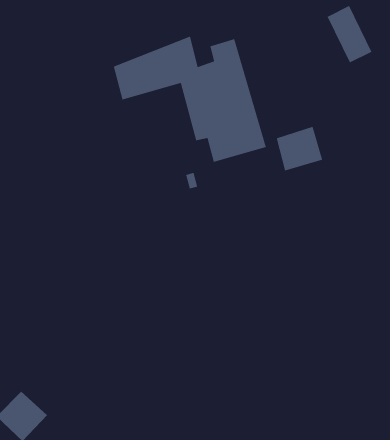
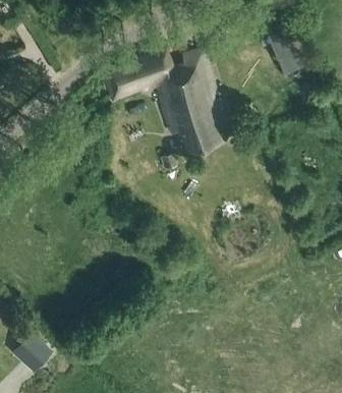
building: [276,126,323,171] -> none

